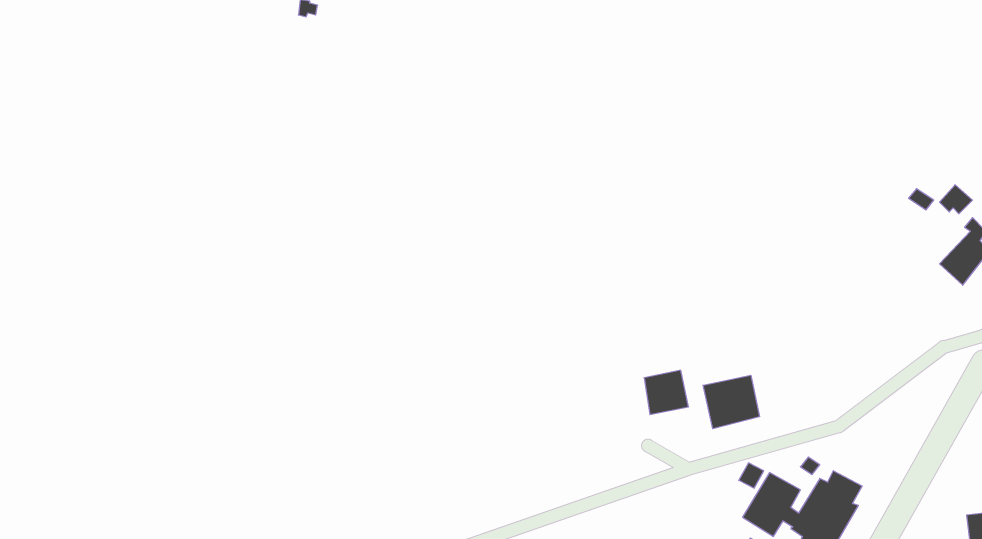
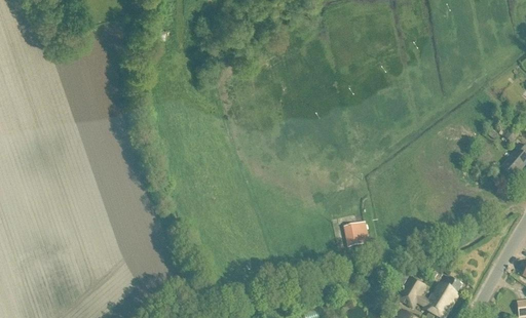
building: [703,375,759,429] -> none

